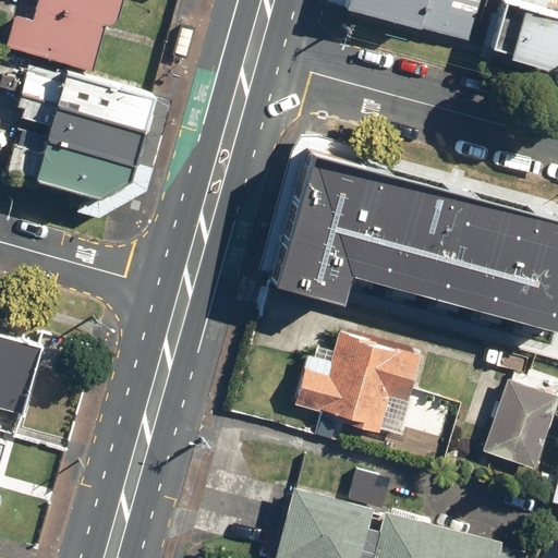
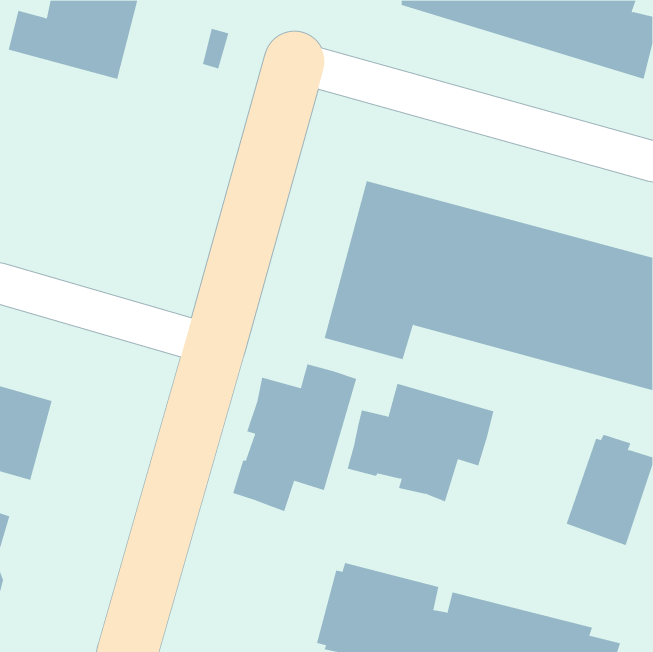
building: [11,66,158,201] -> none
building: none -> [233,363,357,512]

